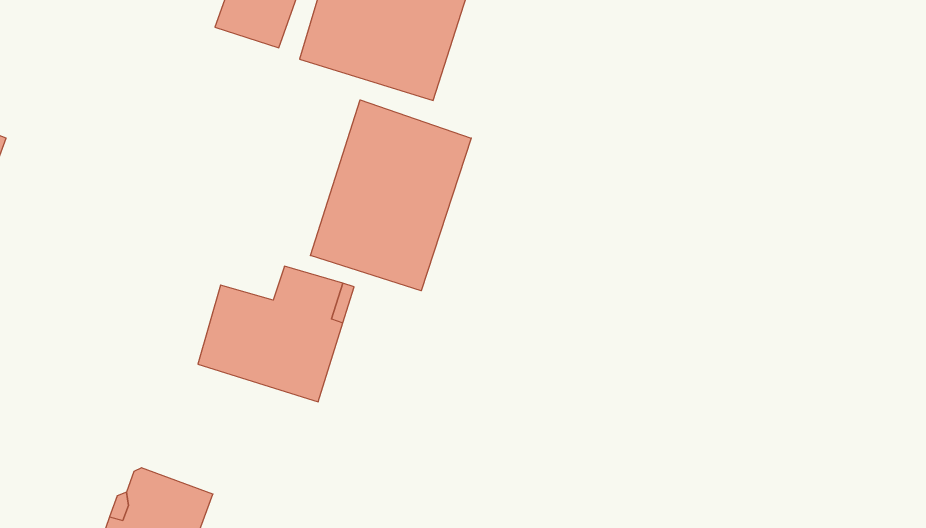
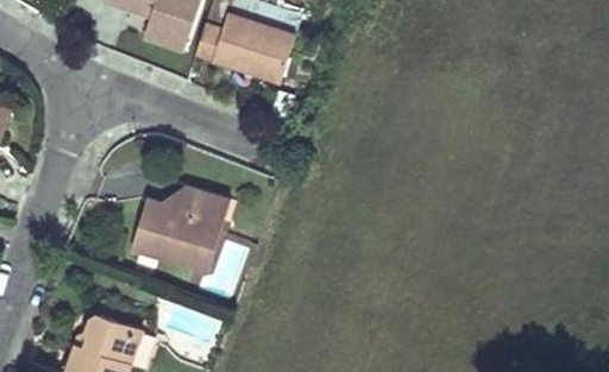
building: [310,100,471,291] -> none

